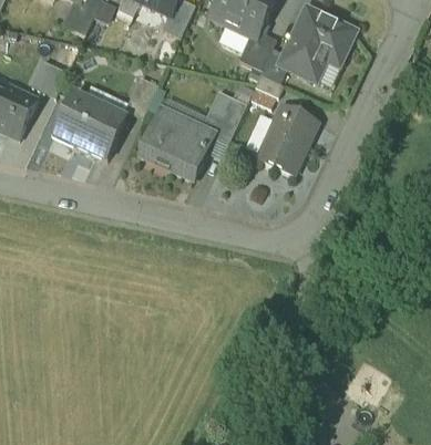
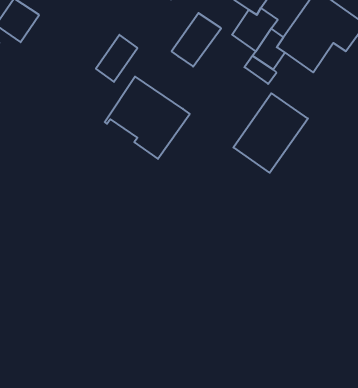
building: [53,92,126,157] -> none
building: [207,92,247,139] -> [172,13,221,67]

